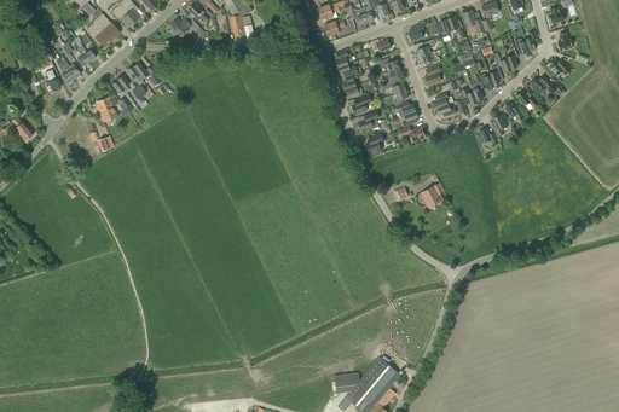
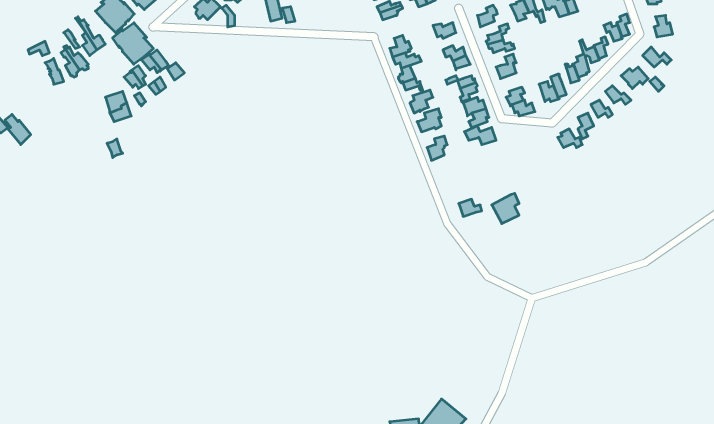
building: none -> [113,23,153,64]

